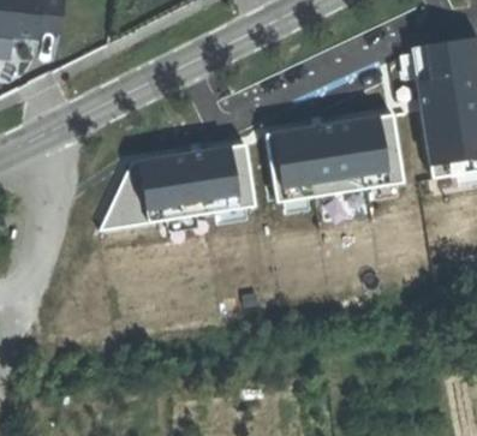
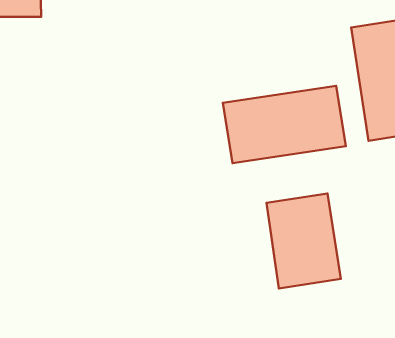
building: [102,141,255,228] -> none
building: none -> [266,194,341,288]

